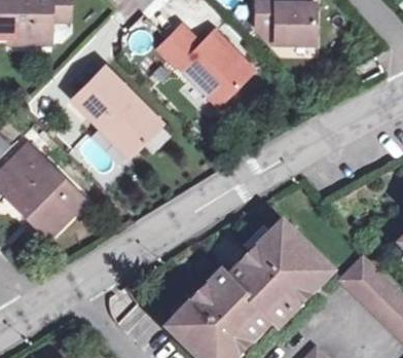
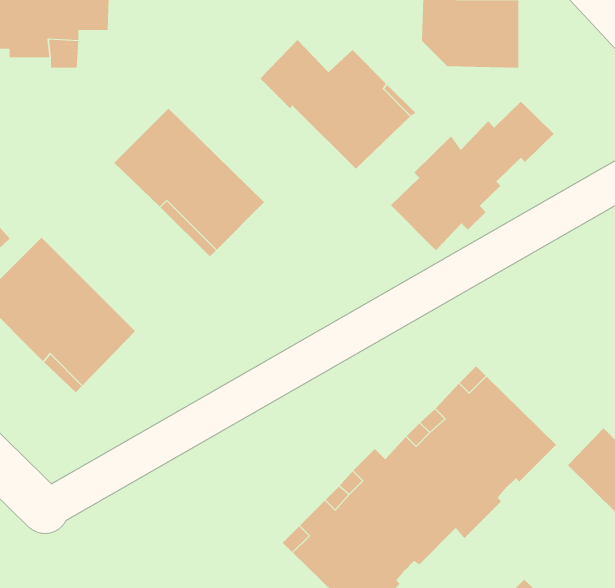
building: none -> [390,101,555,251]

